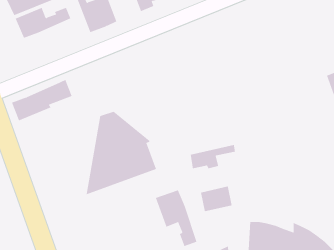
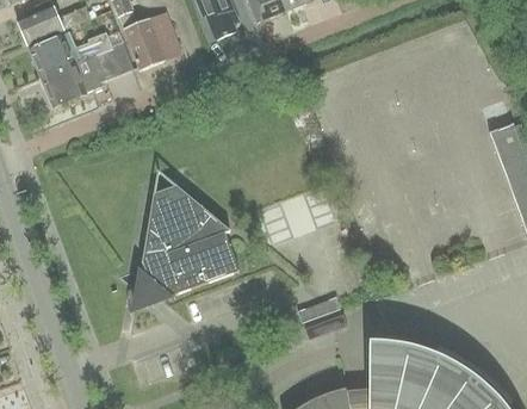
building: [11,79,72,121] -> [42,44,132,106]
building: [190,144,236,169] -> none
building: [155,189,197,247] -> none

